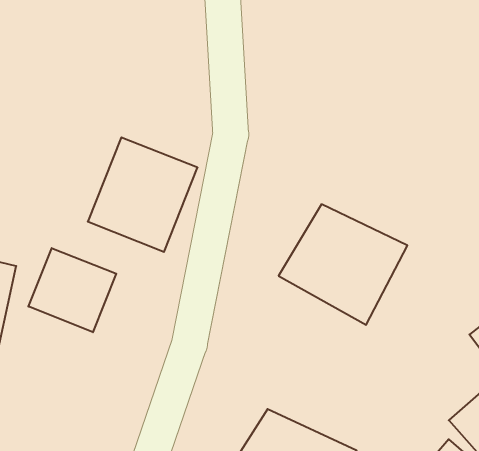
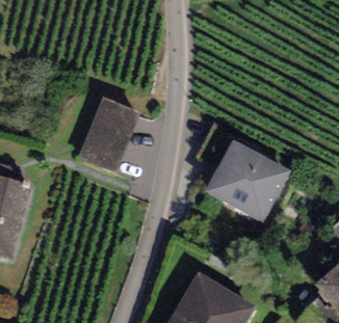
building: [28,248,116,332] -> none

